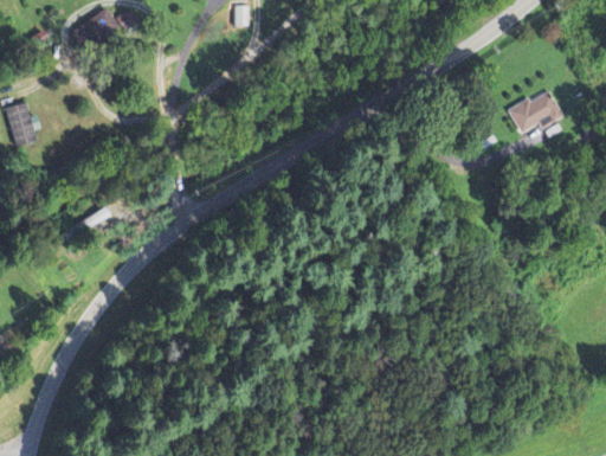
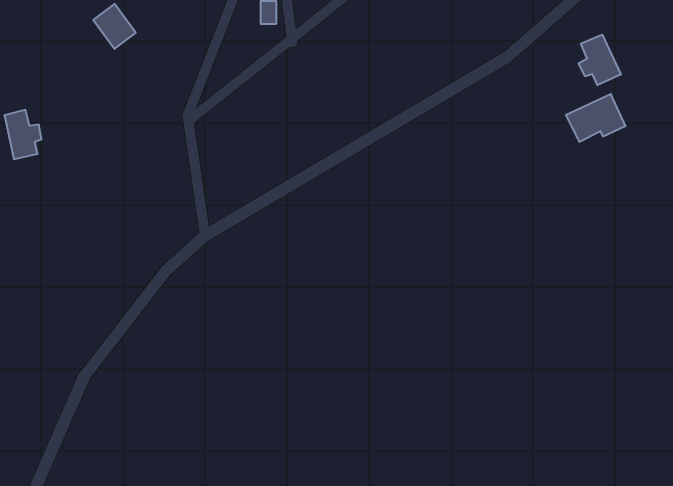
building: none -> [579,35,621,85]

